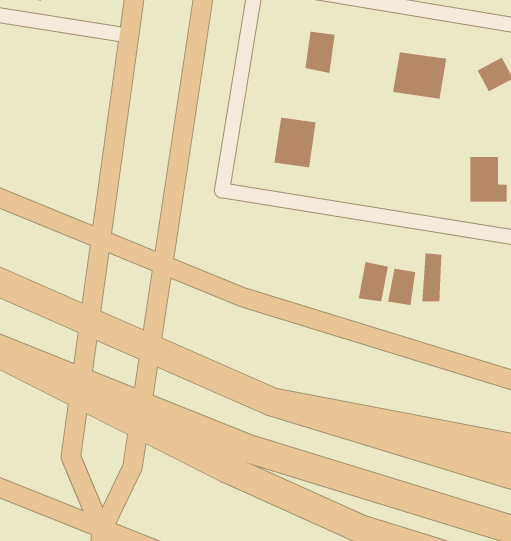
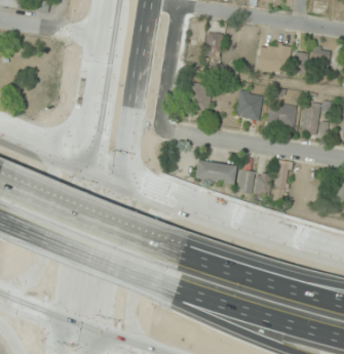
building: none -> [235,90,263,120]
building: none -> [267,105,296,126]
building: none -> [195,161,235,182]

